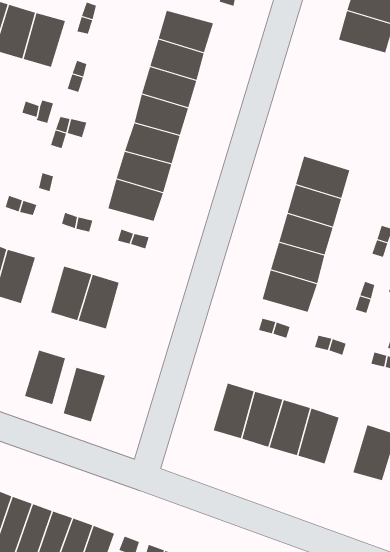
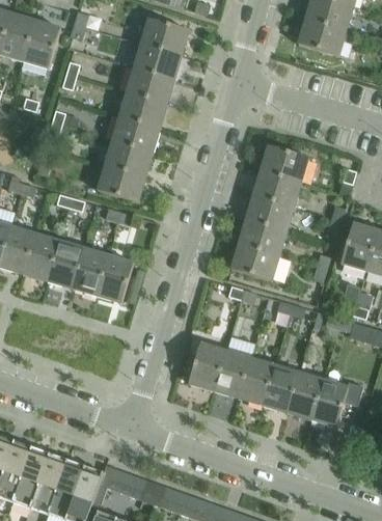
building: [24,350,66,405] -> [22,232,58,280]
building: [63,367,106,422] -> [96,254,133,302]
building: none -> [285,372,322,419]

